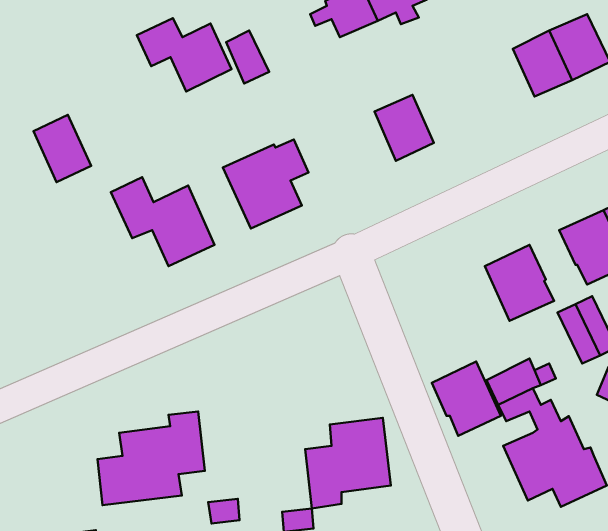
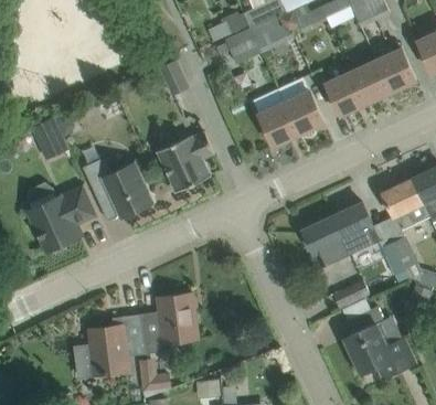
building: [137,18,232,92] -> none
building: none -> [325,71,365,115]
building: none -> [278,77,323,134]
building: none -> [28,186,94,252]
building: [432,362,501,436] -> [302,216,349,266]
building: [305,418,391,509] -> [140,292,198,353]

